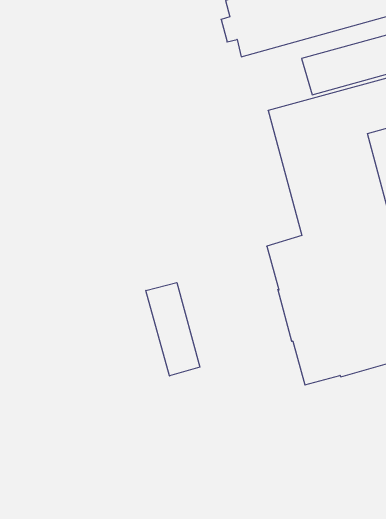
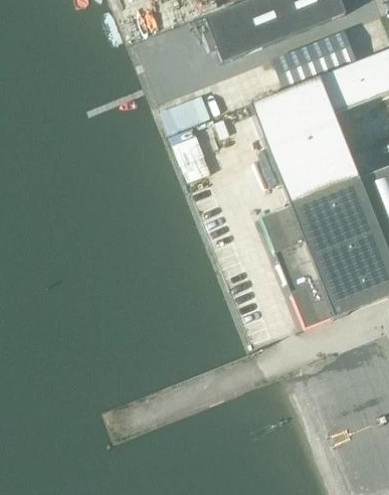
building: [146,283,200,376] -> none

